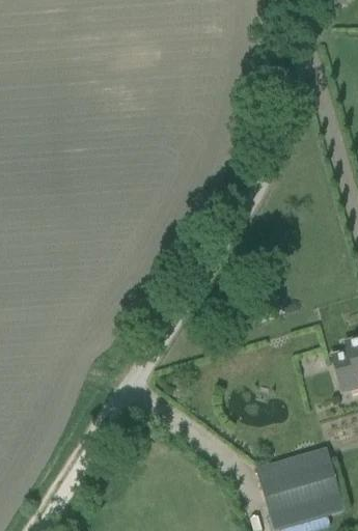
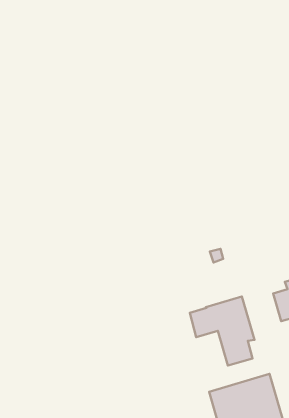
building: none -> [190,297,255,366]

